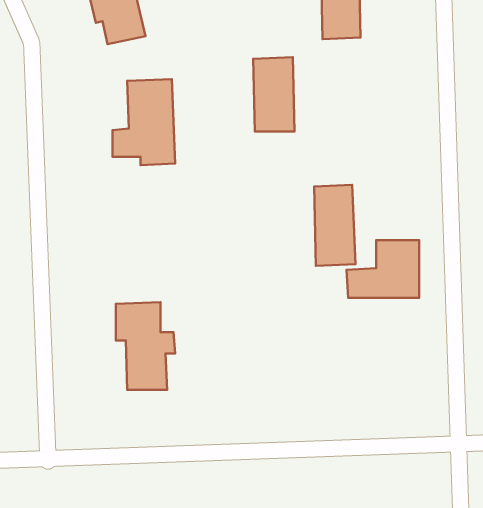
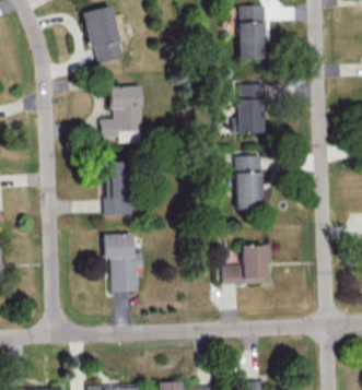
building: [253,57,294,132] -> [237,83,265,132]
building: none -> [104,162,130,214]
building: [347,240,419,298] -> [222,245,270,283]

